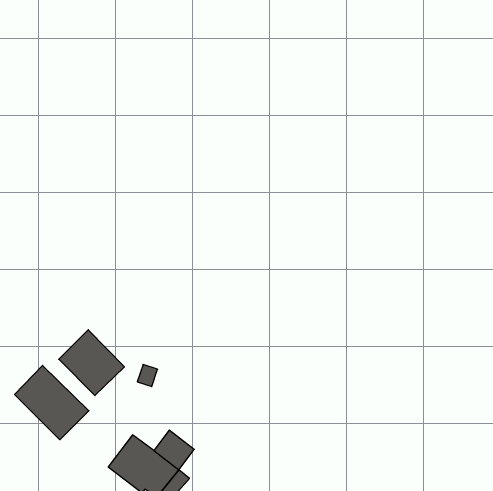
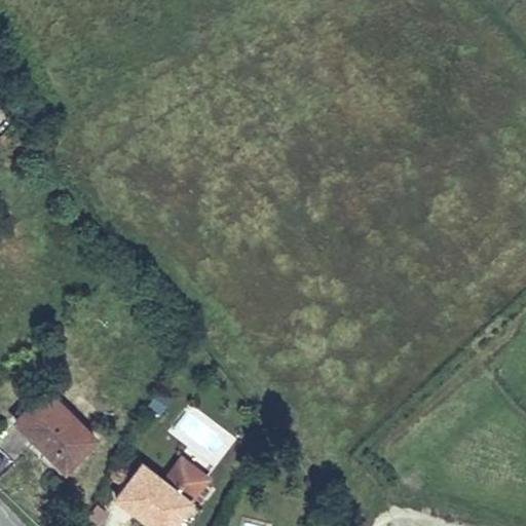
building: [59,330,124,396] -> none

